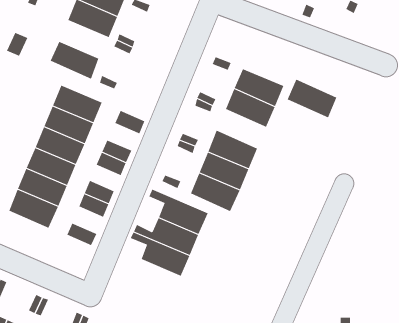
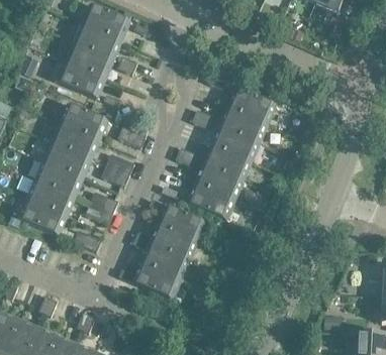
building: none -> [66,43,112,79]
building: [287,79,337,118] -> [211,125,258,161]
building: none -> [118,263,179,299]

